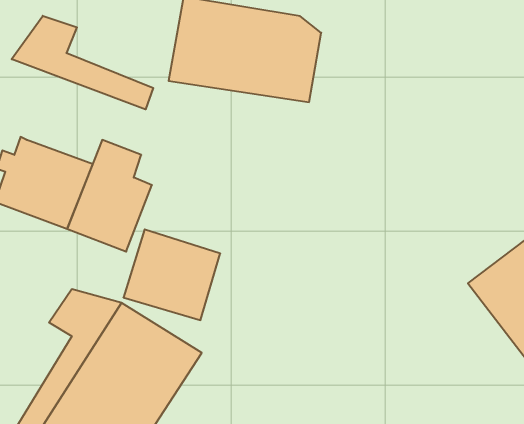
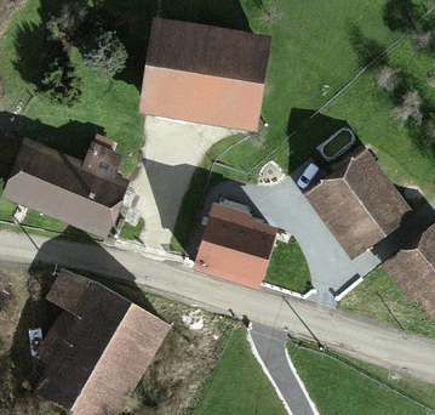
building: [12,16,153,109] -> none
building: none -> [303,152,410,266]
building: [123,229,220,320] -> [194,211,271,284]

